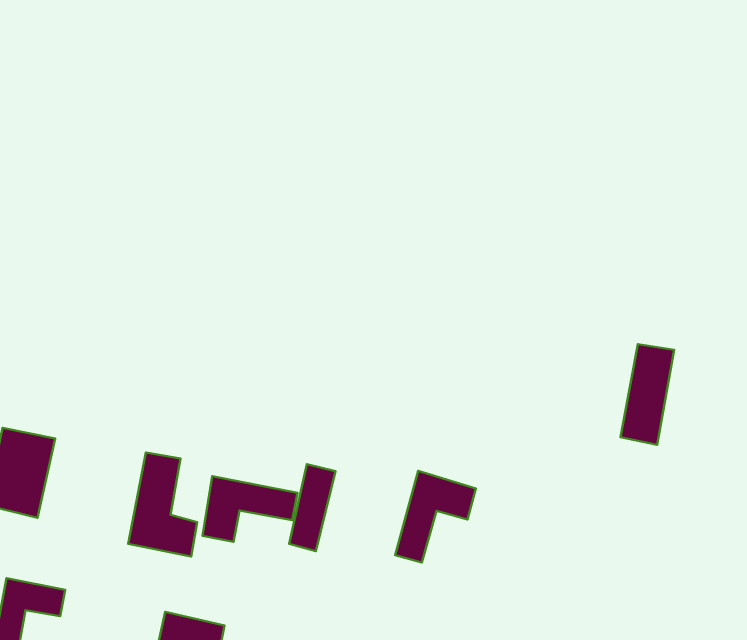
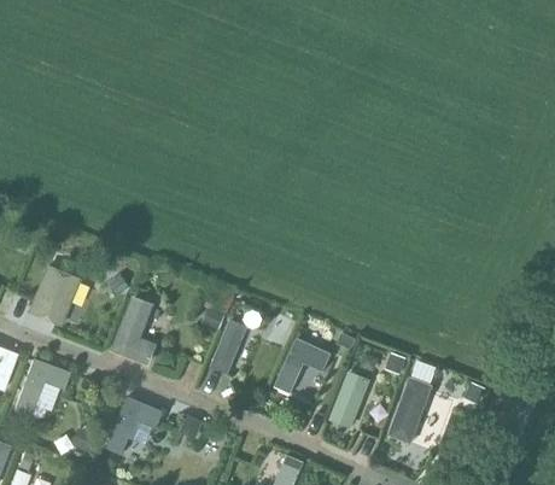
building: [620,344,674,445] -> [388,379,431,443]
building: [202,476,297,542] -> none
building: none -> [331,373,369,430]

